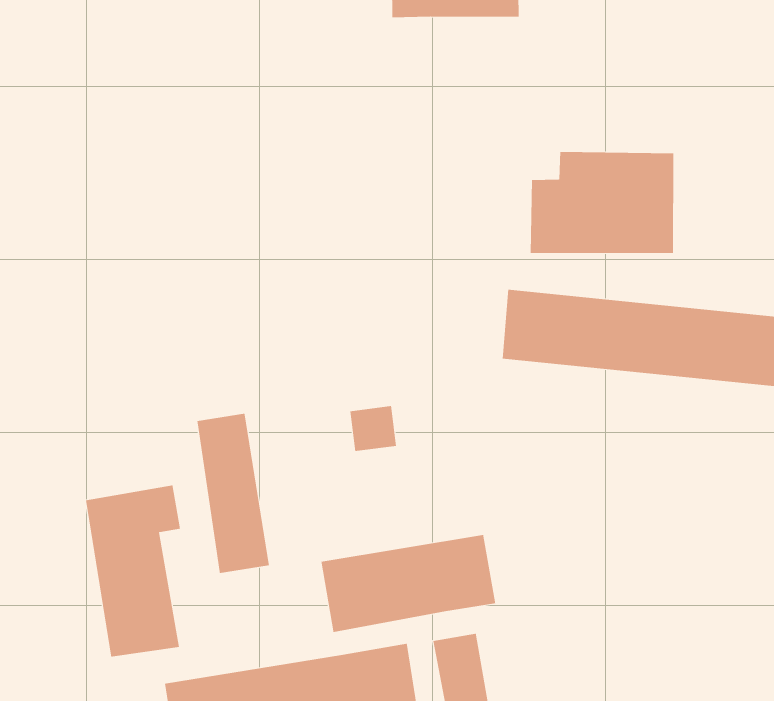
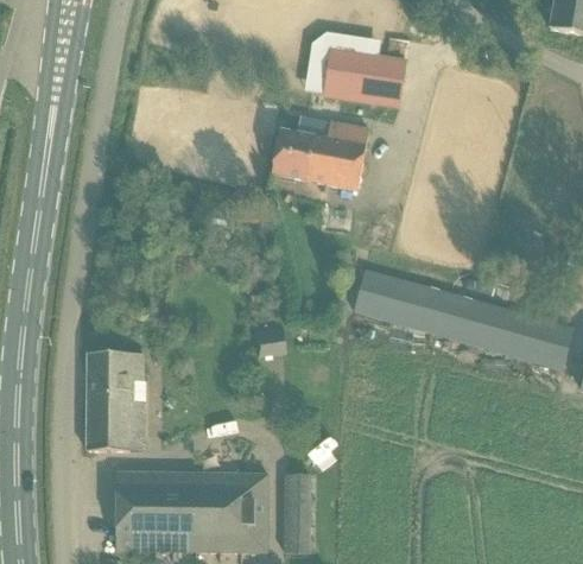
building: [530,151,674,254] -> [271,115,368,189]
building: [197,413,269,574] -> none
building: [321,534,496,633] -> none

